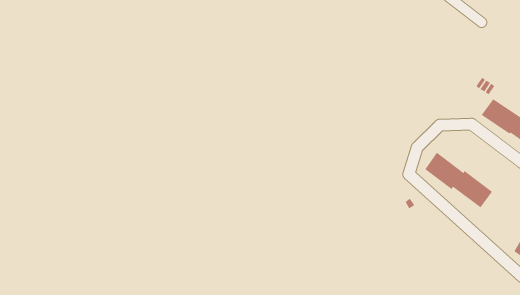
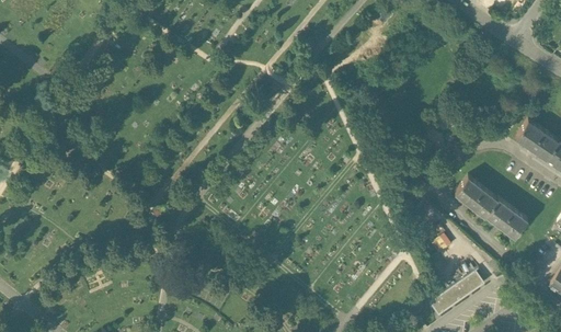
building: none -> [430,270,484,314]

